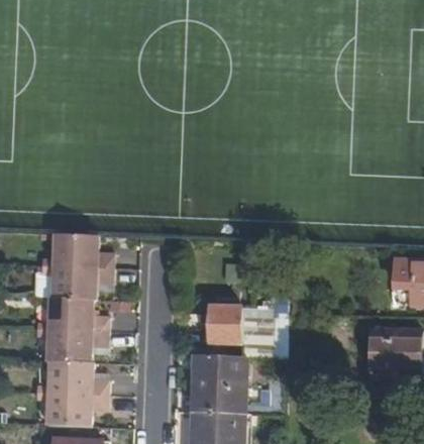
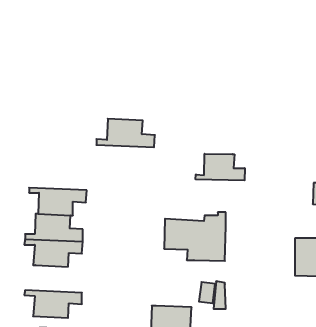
building: none -> [196,154,245,180]
building: [40,233,113,268] -> [96,119,155,147]
building: [195,354,245,414] -> none
building: [35,361,107,396] -> none

